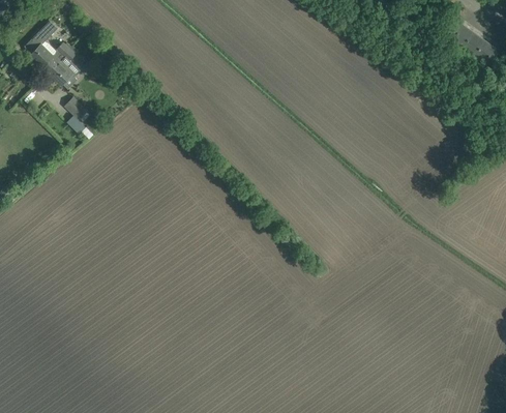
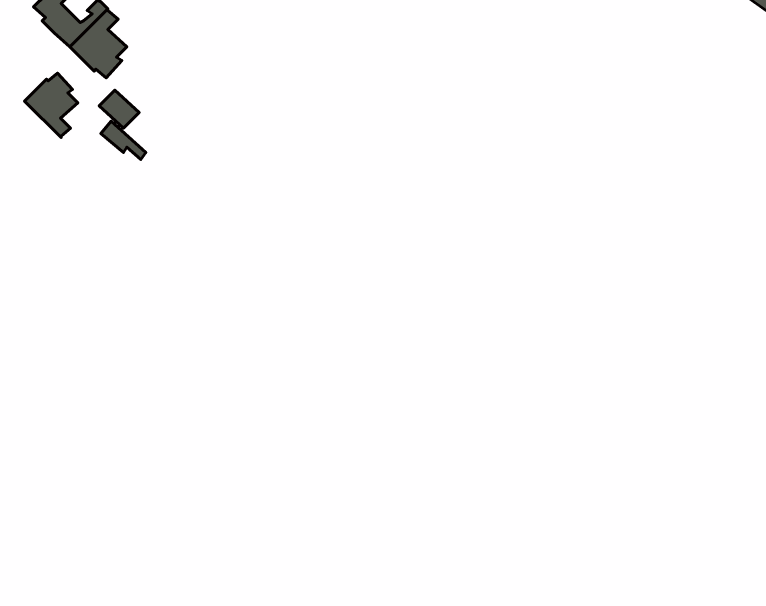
building: none -> [25,73,78,138]

